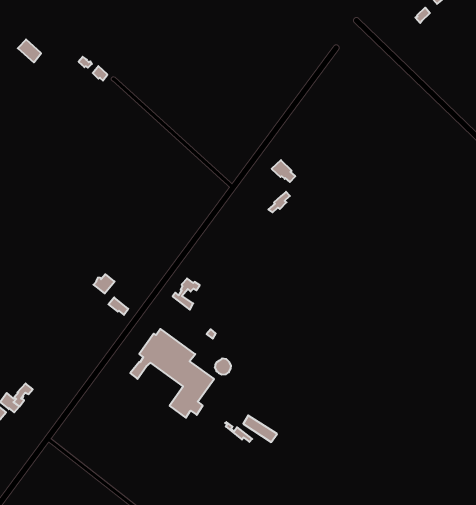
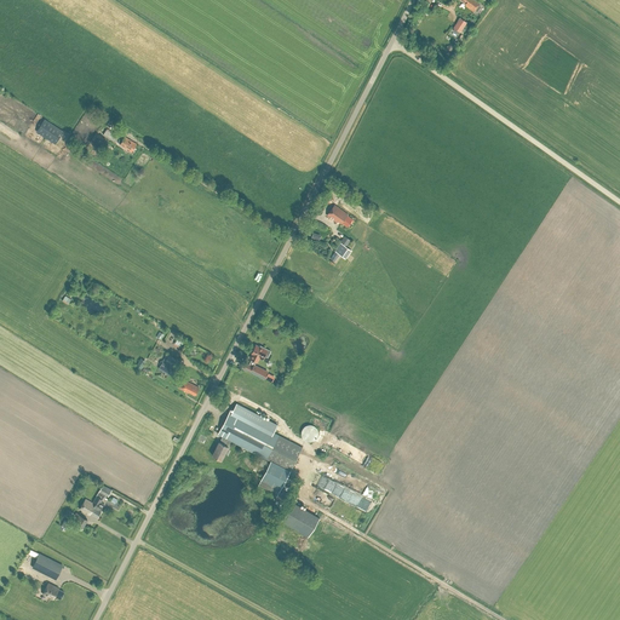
building: none -> [281,503,320,538]

